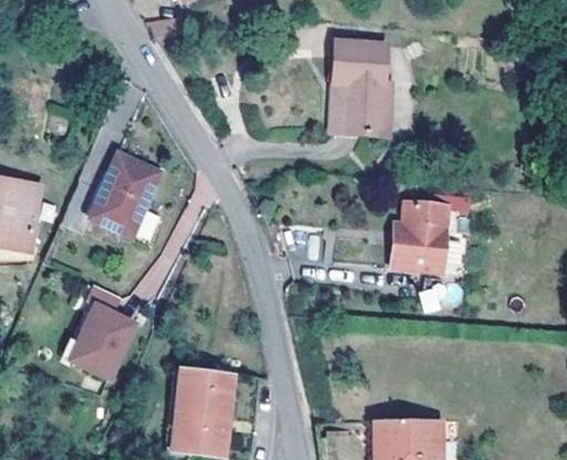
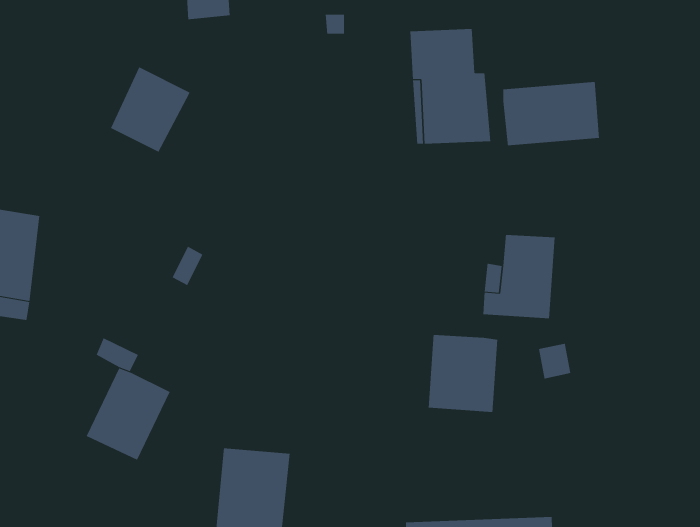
building: none -> [503,81,600,146]
building: [100,165,162,232] -> [110,67,190,153]
building: none -> [428,334,498,413]

